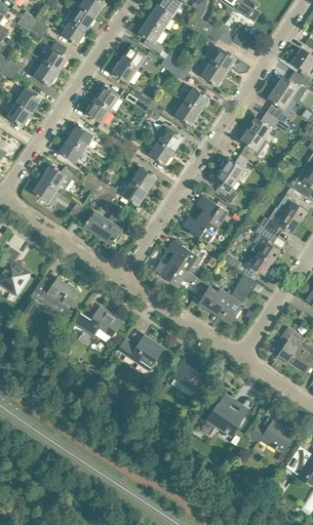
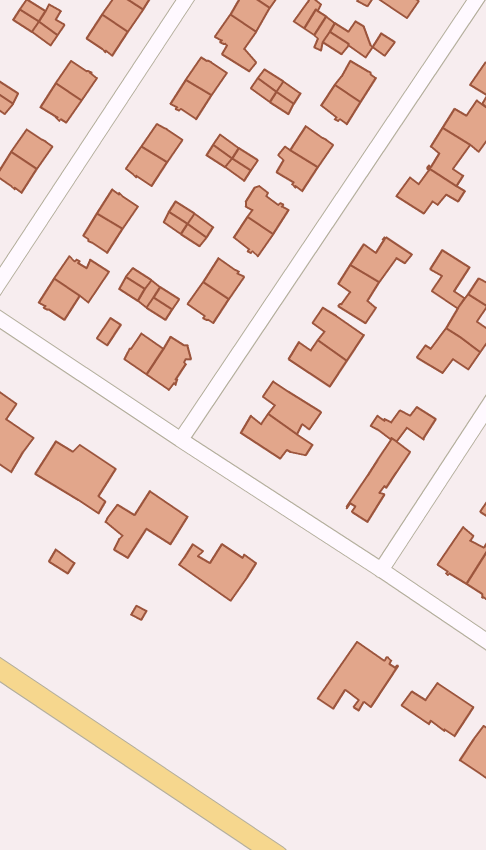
building: [240,128,264,163] -> [430,250,470,308]
building: [251,225,279,261] -> none
building: [199,283,230,314] -> none
building: [171,360,207,393] -> none

